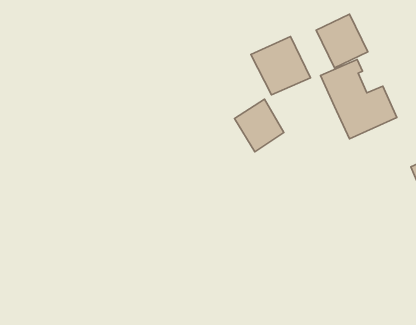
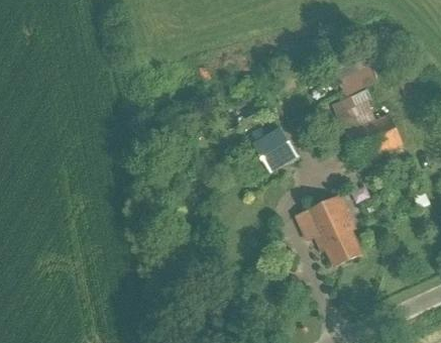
building: [251,36,311,95] -> none
building: none -> [305,195,362,264]

